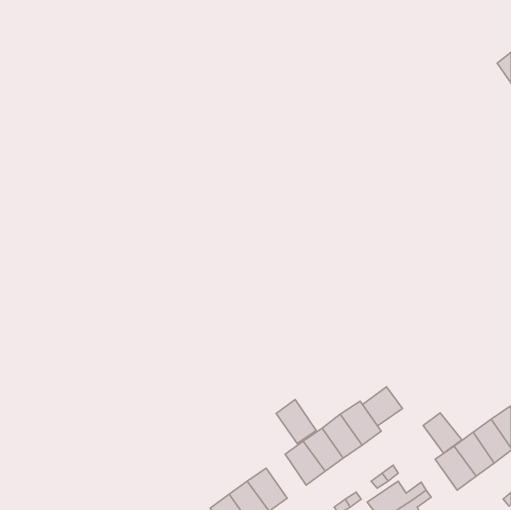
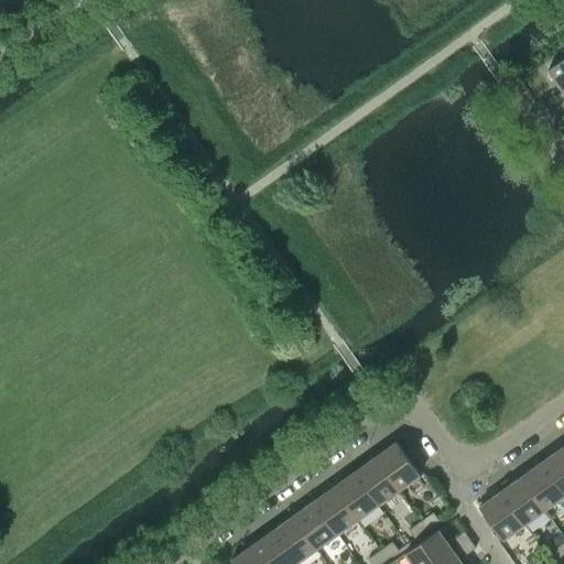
building: [363,387,402,426] -> none
building: [276,400,316,444] -> [293,501,337,550]
building: [423,413,462,453] -> none

